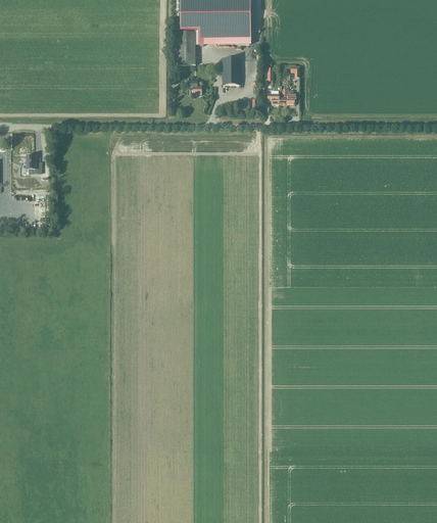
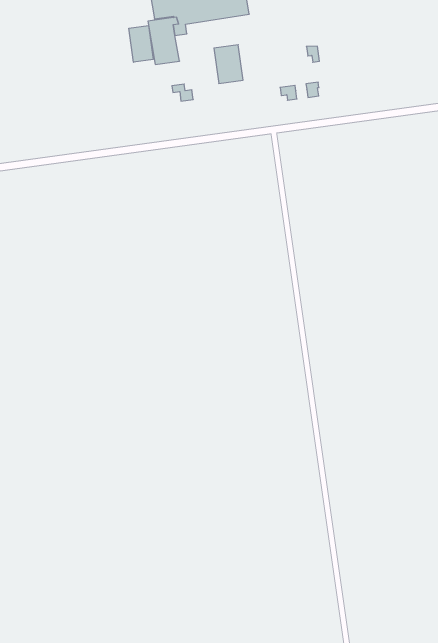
building: none -> [129,25,153,62]

